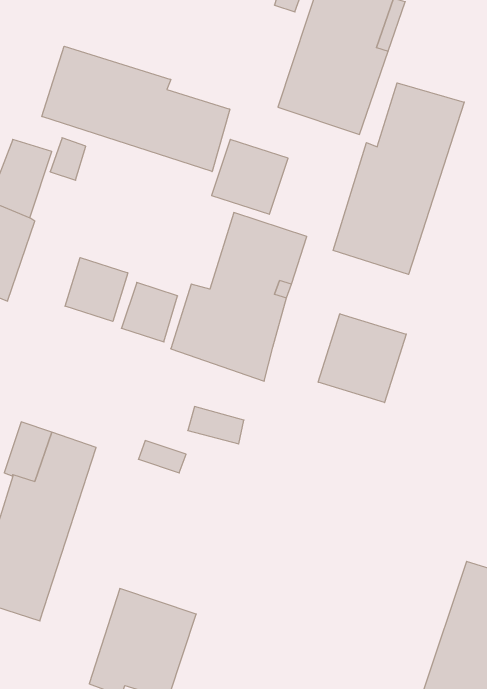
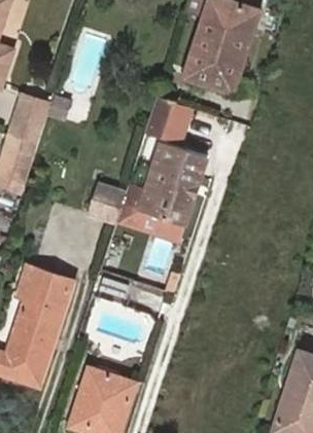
building: [42,46,230,172] -> none
building: [333,83,464,274] -> none
building: [65,258,128,321] -> none
building: [318,314,406,403] -> none

